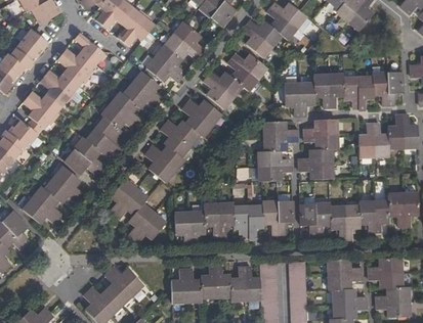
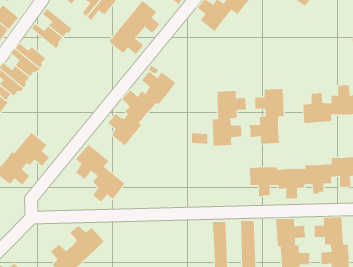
building: [57,53,90,86] -> none
building: [204,54,266,108] -> none
building: [285,71,405,116] -> none
building: [64,72,162,176] -> none
building: [174,200,294,244] -> none
building: [171,266,261,301] -> none

